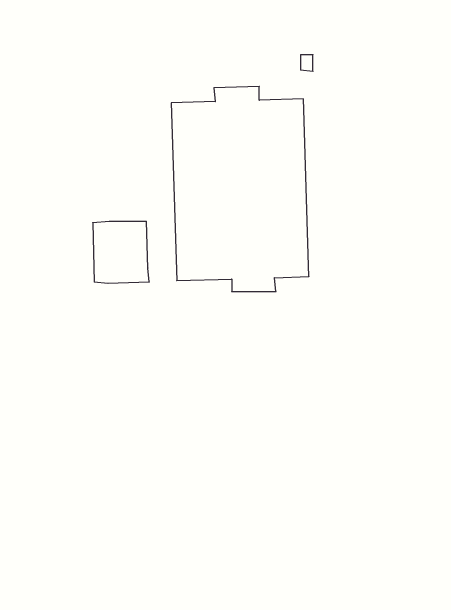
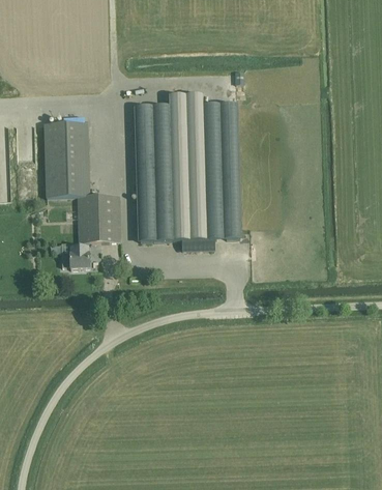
building: none -> [43,121,89,196]
building: none -> [61,240,89,267]

